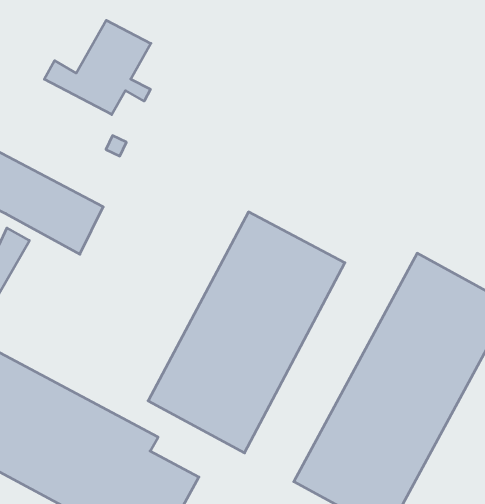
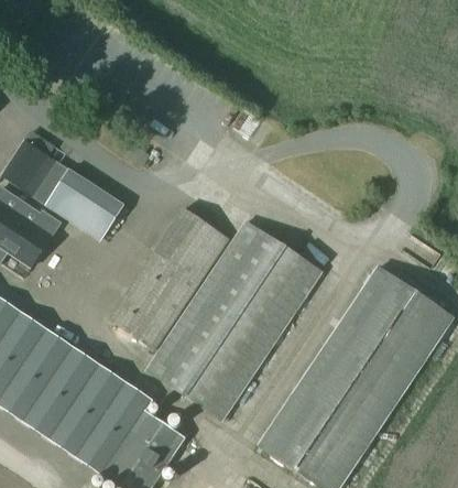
building: [44,20,151,115] -> none
building: none -> [108,206,227,348]

